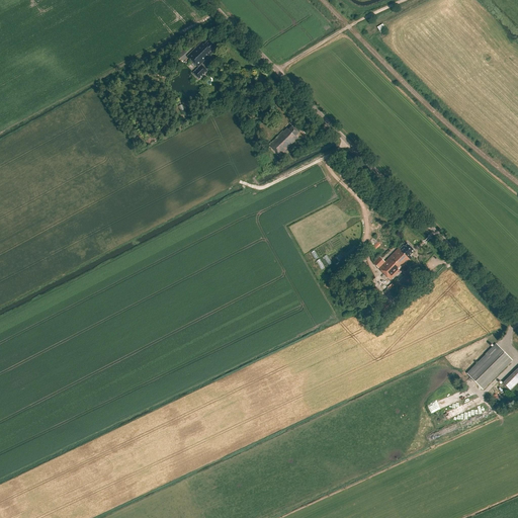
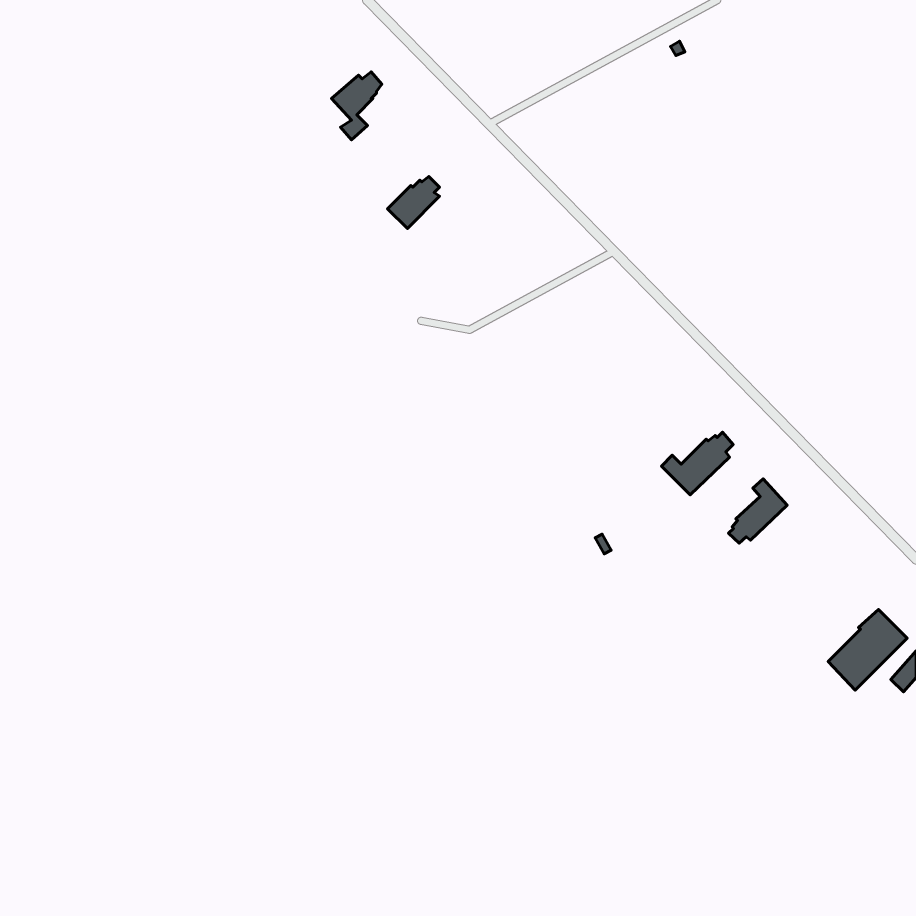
building: [269,126,298,156] -> [388,176,440,228]
building: none -> [728,479,787,543]

